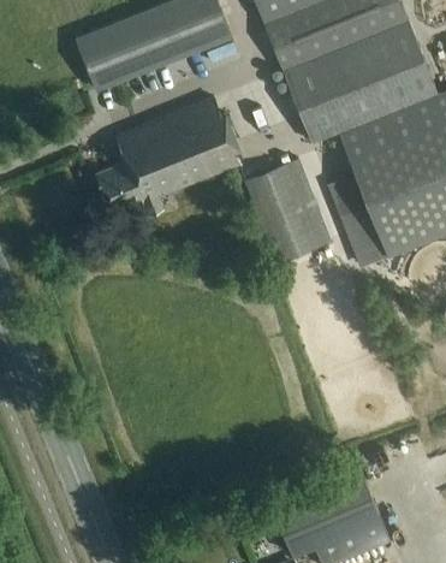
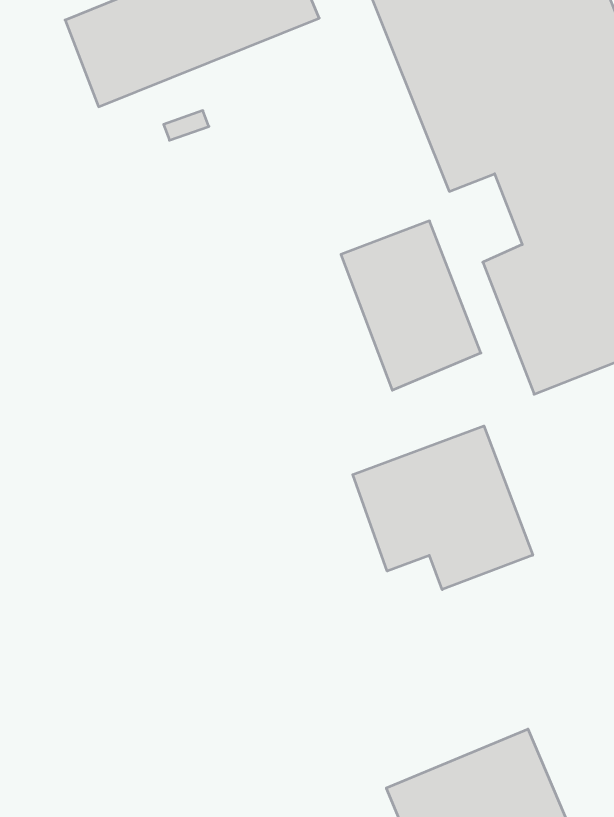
building: [96,99,240,212] -> none
building: none -> [353,426,533,590]

